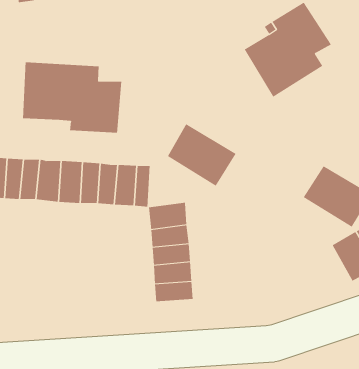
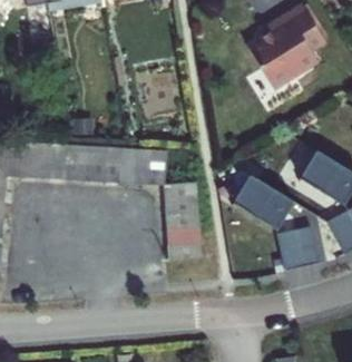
building: [23,61,122,134] -> none
building: [167,123,236,186] -> [233,173,294,228]
building: none -> [276,225,319,270]

